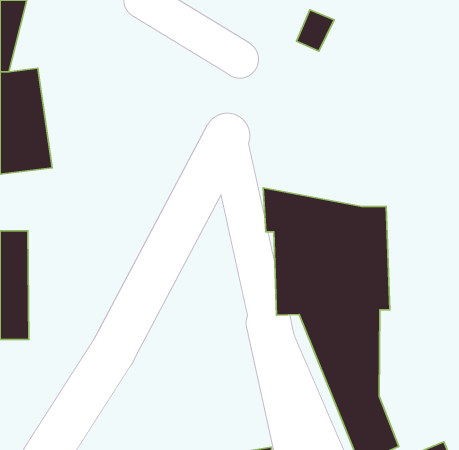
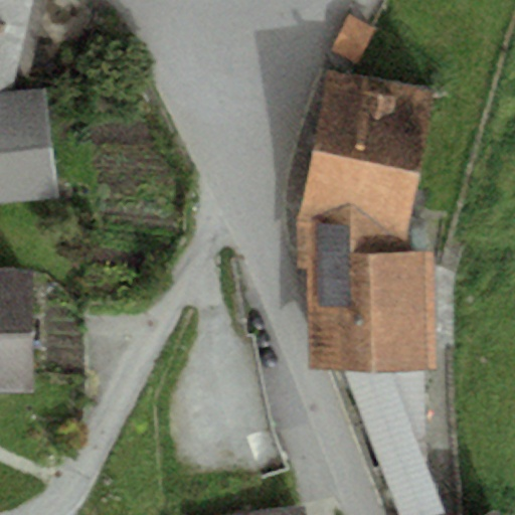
building: none -> [295,70,428,241]

